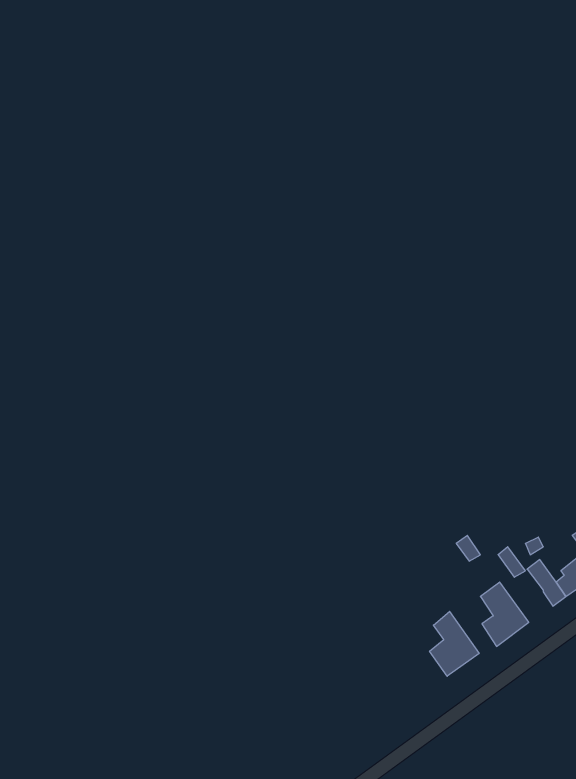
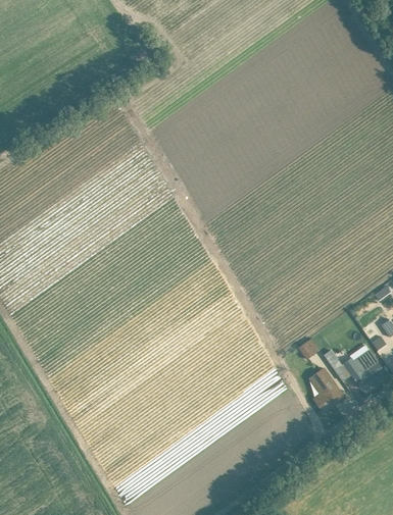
building: [430,611,479,676] -> none

